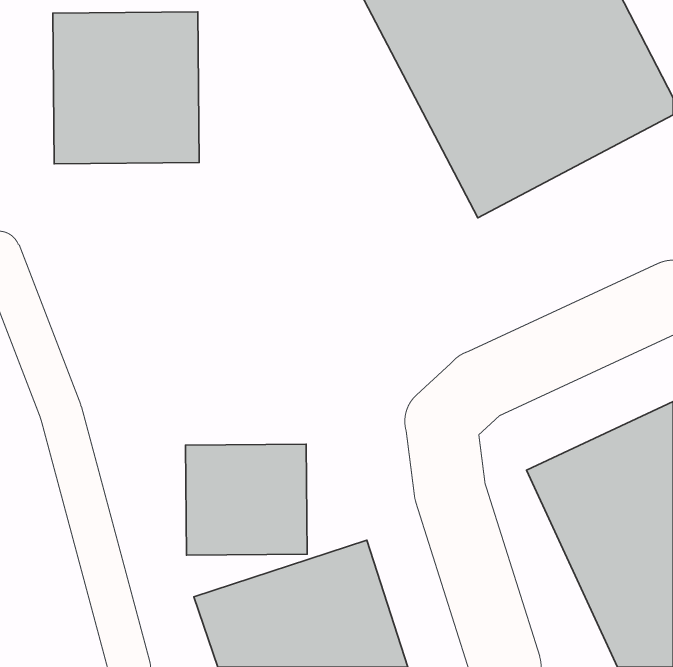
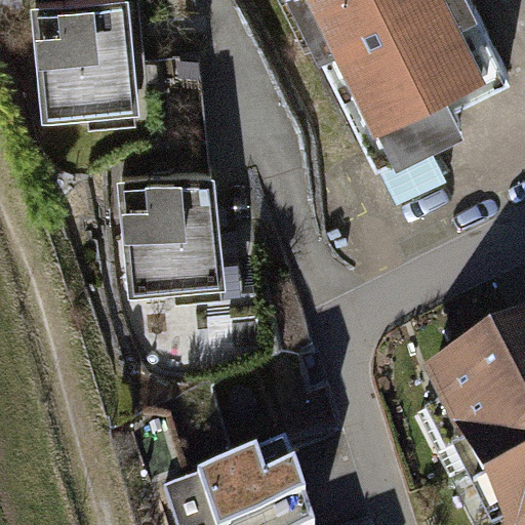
building: none -> [127,180,241,298]
building: [186,444,307,555] -> none

